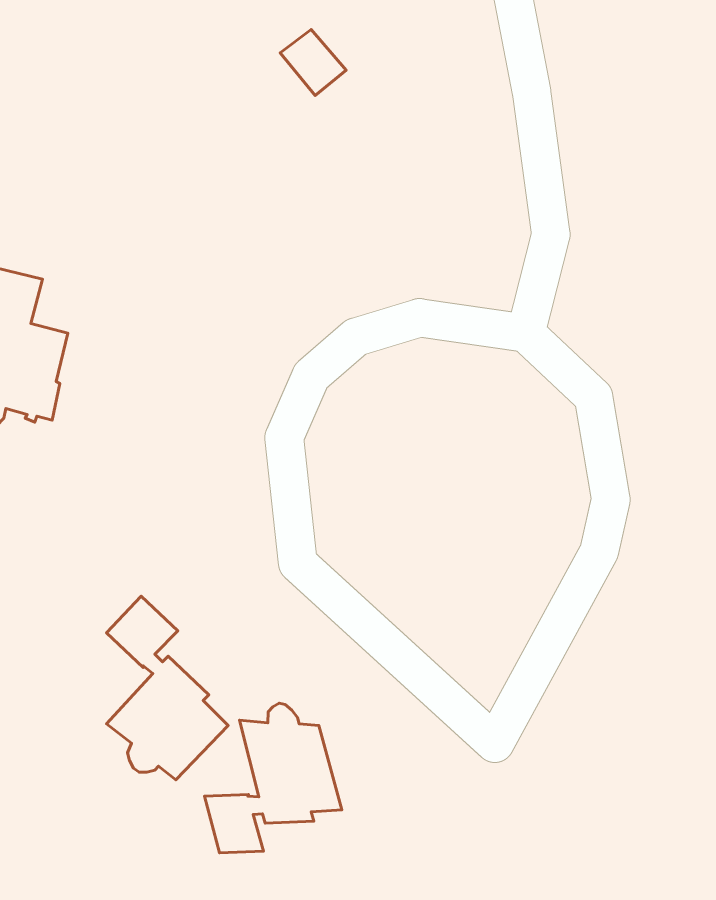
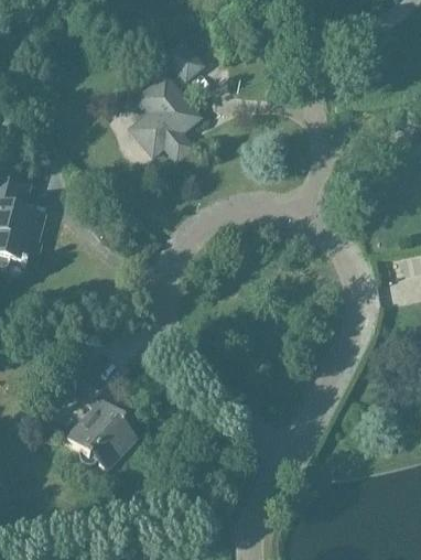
building: none -> [131,76,198,160]
building: [205,703,342,853] -> none

